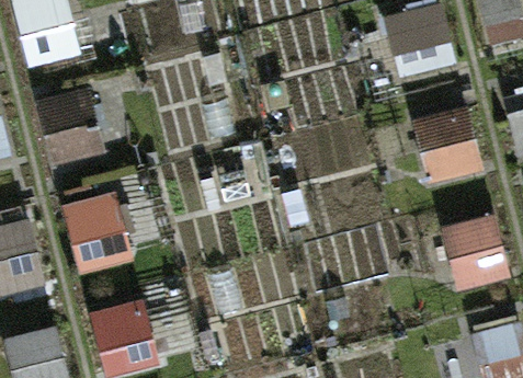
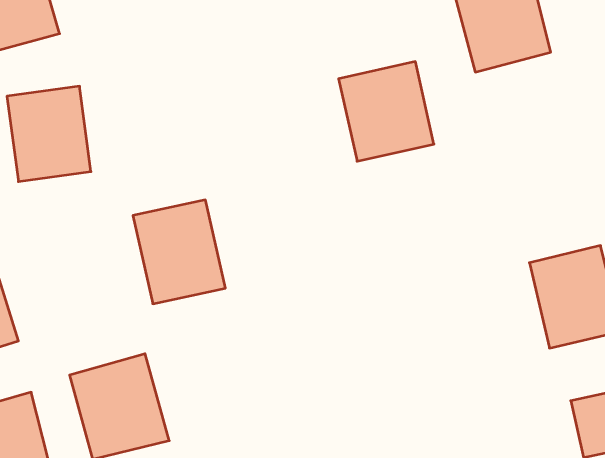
building: [412,106,486,183] -> [339,62,434,161]
building: [60,191,132,271] -> [133,200,225,304]

